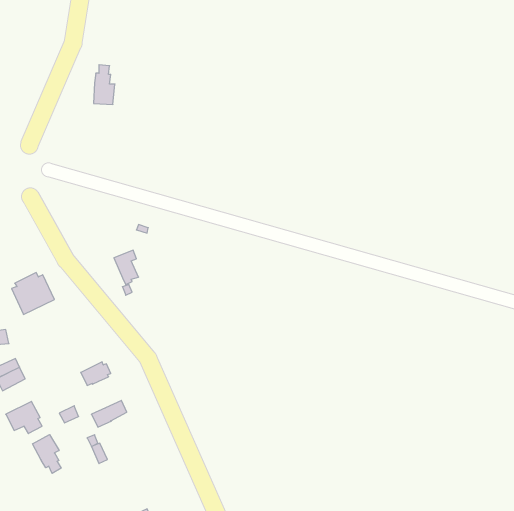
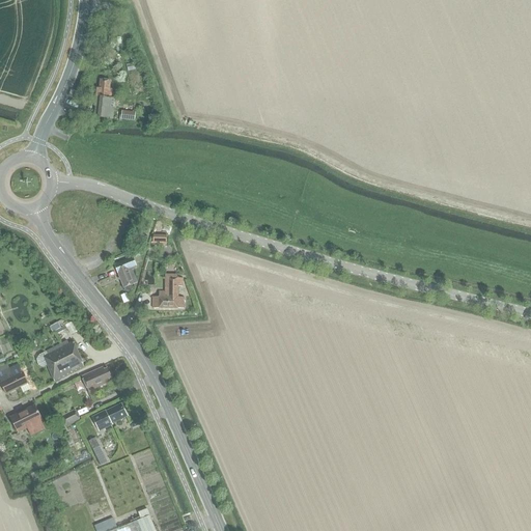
building: none -> [152,274,183,307]
building: [12,273,54,314] -> [43,340,84,381]
building: [33,435,61,473] -> none

